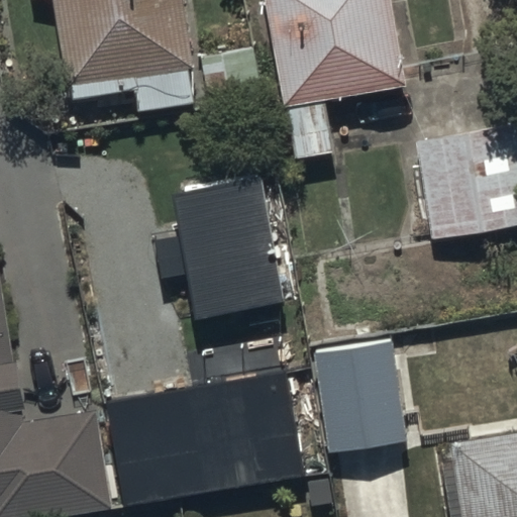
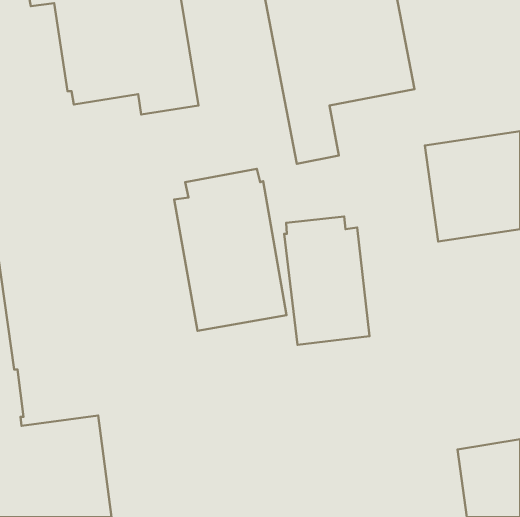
building: none -> [284,216,369,345]
building: [315,343,403,450] -> none
building: [108,351,303,504] -> none

